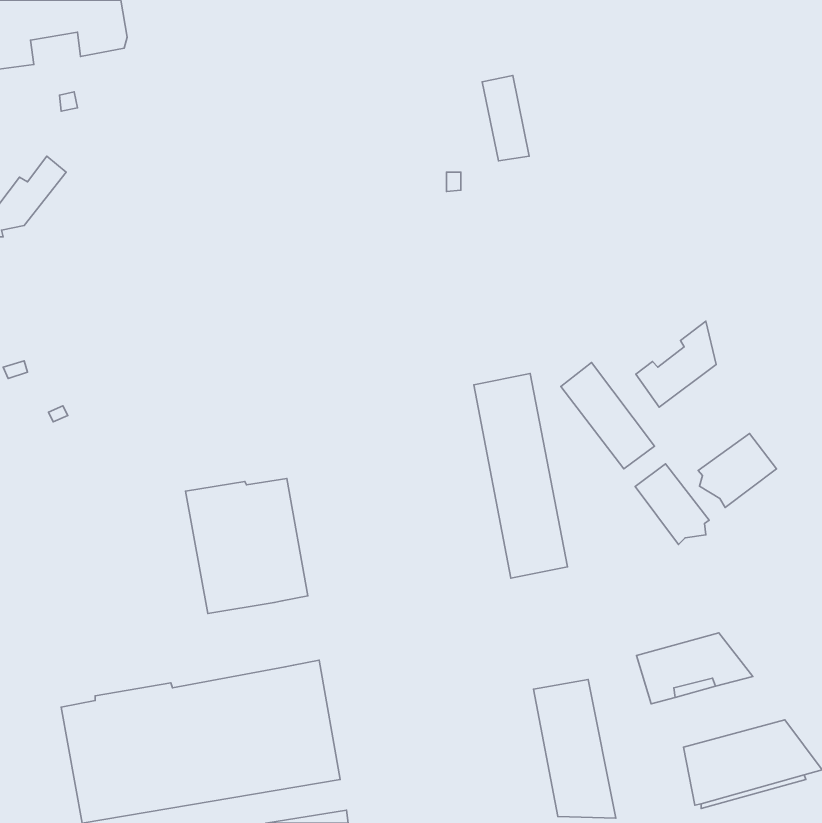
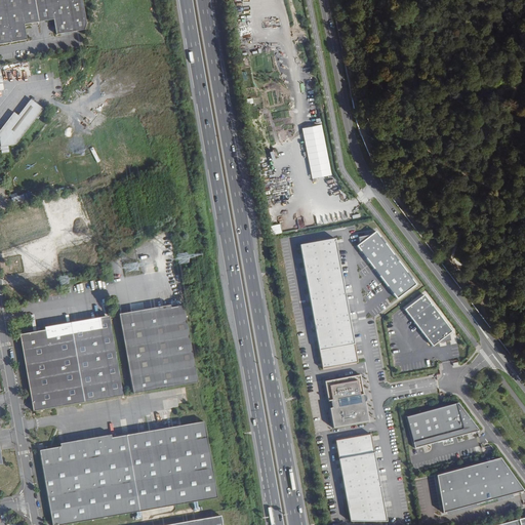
building: [482,76,529,161] -> [301,124,331,178]
building: [636,321,716,407] -> none
building: [698,433,777,508] -> none
building: none -> [18,315,122,409]
building: none -> [328,373,372,427]

